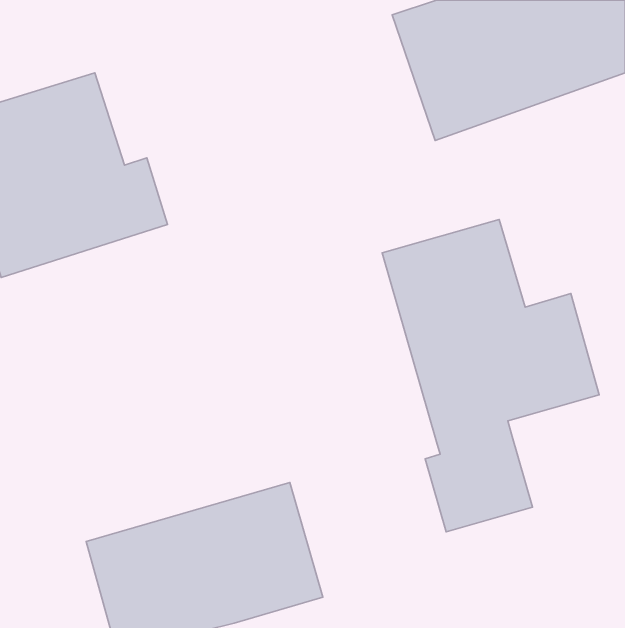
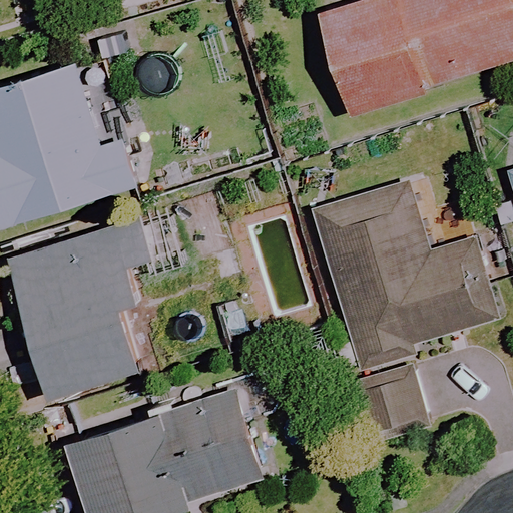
building: none -> [7,224,138,398]

